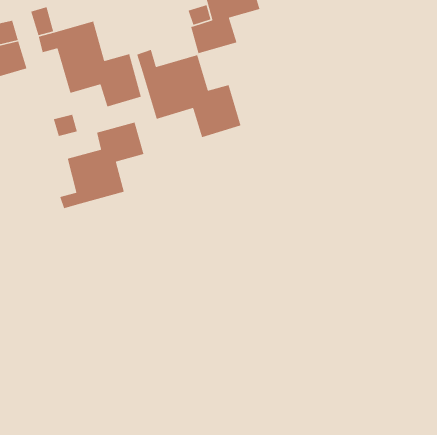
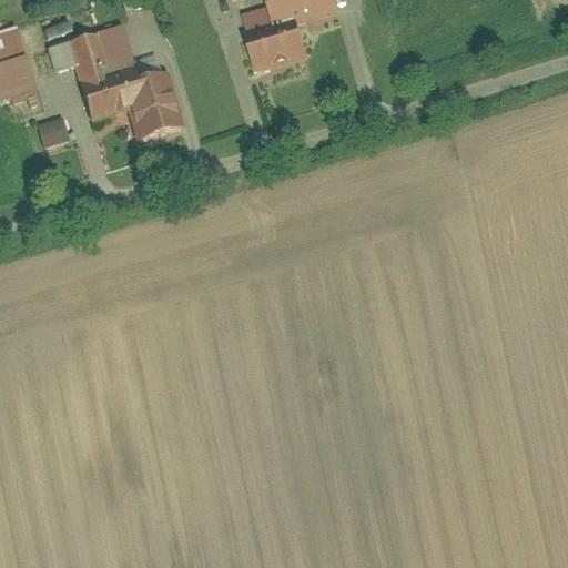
building: [136,49,241,138] -> none
building: [53,114,78,137] -> [38,115,70,145]
building: [59,122,144,209] -> none

